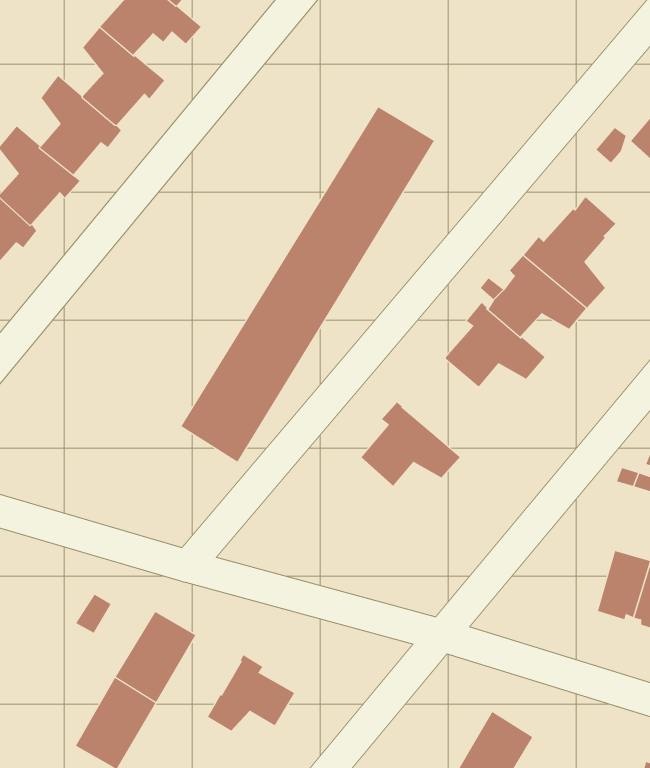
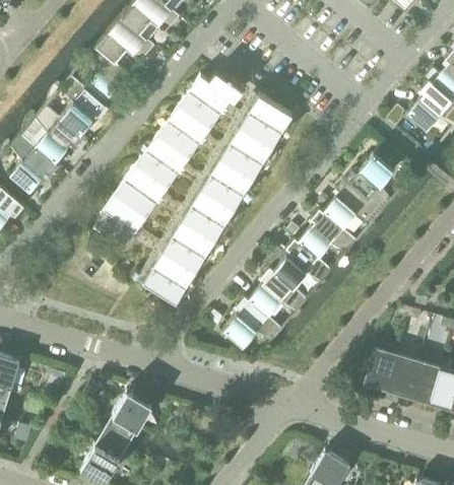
building: none -> [93,74,246,249]
building: none -> [264,238,333,288]
building: none -> [223,297,283,347]
building: none -> [367,348,398,391]
building: [207,654,294,732] -> none

